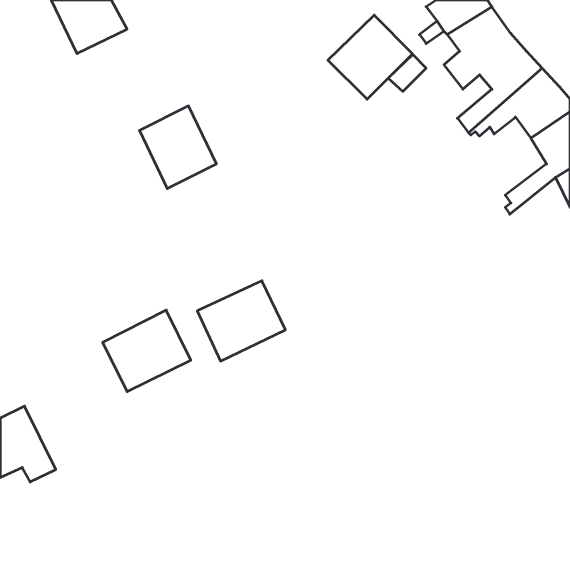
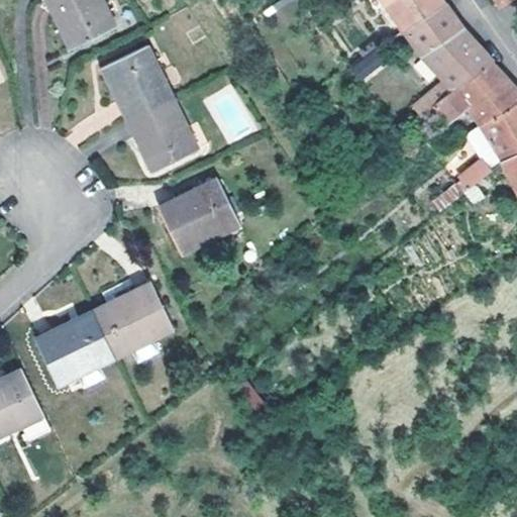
building: [328,15,412,99] -> none
building: none -> [100,44,171,118]
building: [197,281,285,361] -> [159,178,238,250]
building: none -> [34,310,115,384]

